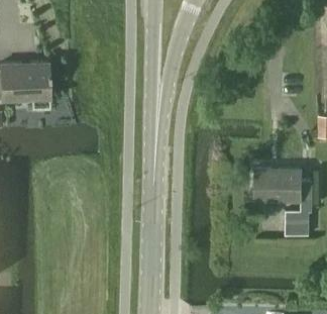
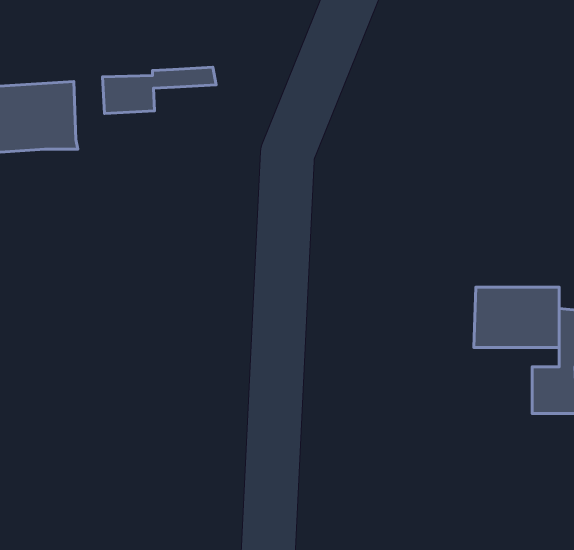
building: none -> [102,67,216,114]

